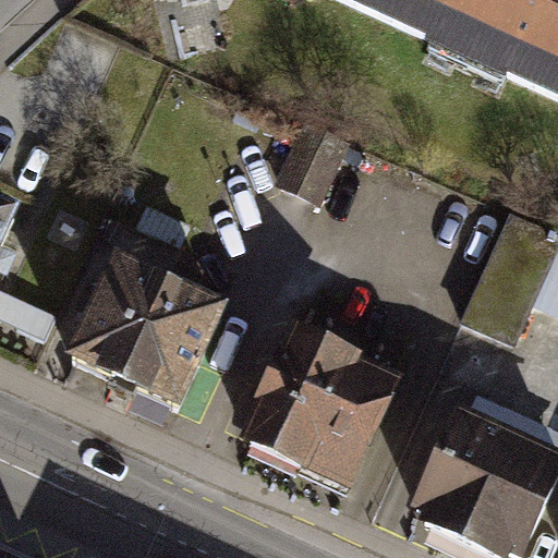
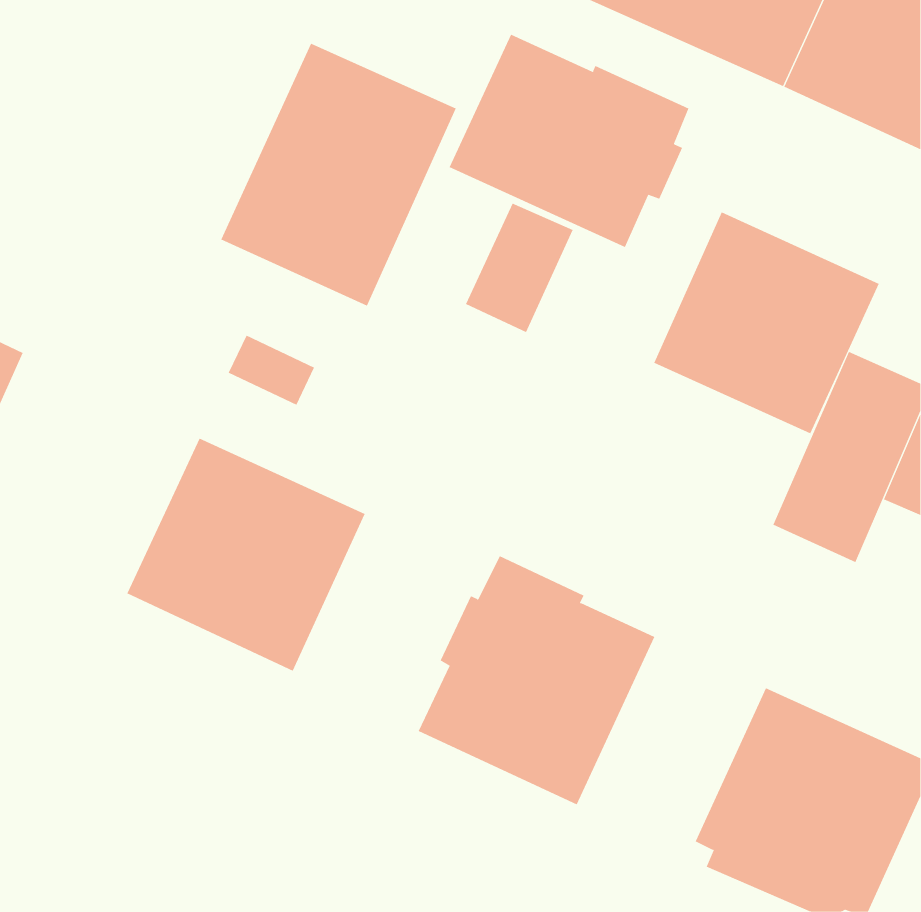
building: none -> [449,34,689,248]
building: none -> [220,43,456,307]
building: none -> [654,212,880,434]

